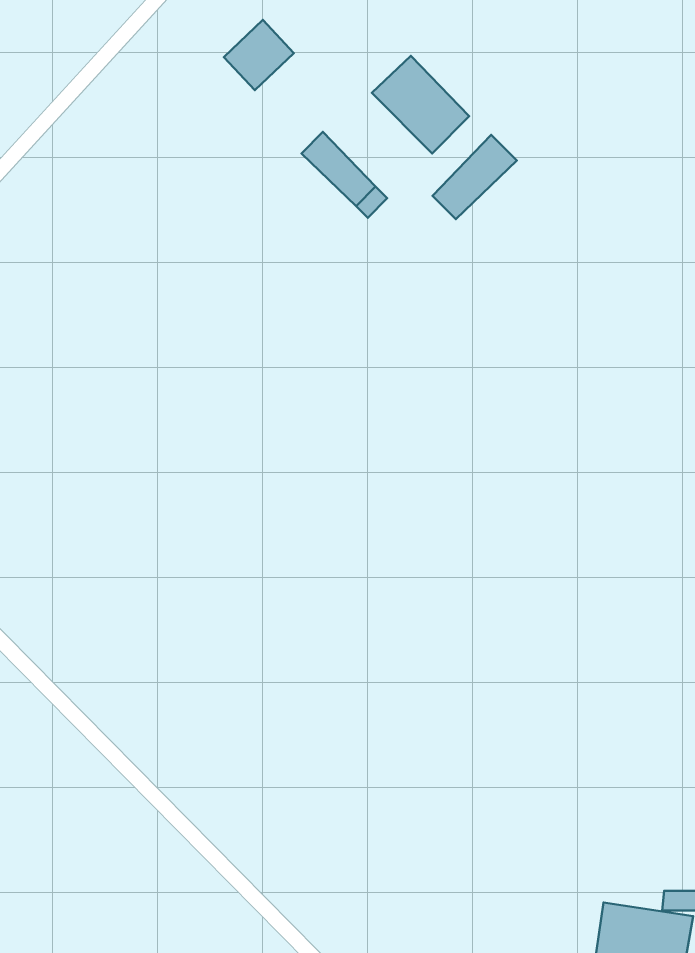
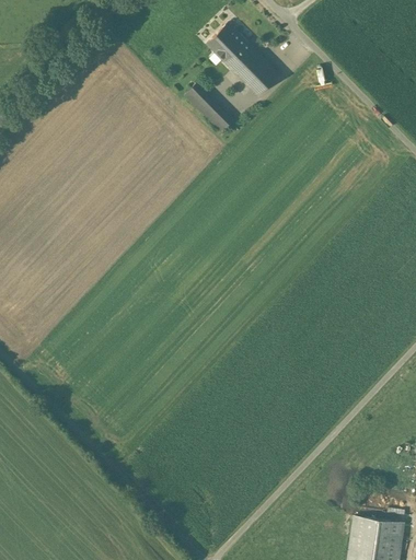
building: [224,20,294,90] -> [206,22,245,61]
building: [433,135,517,219] -> none

